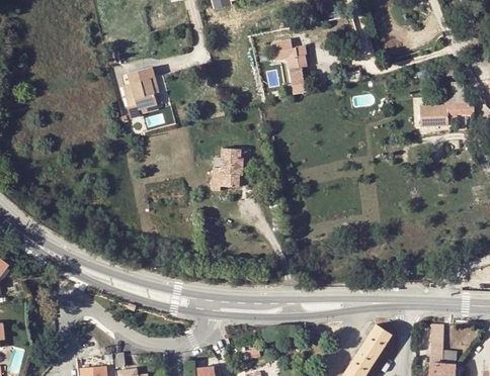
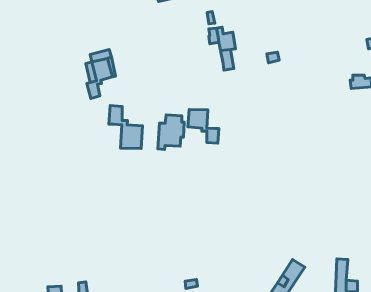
building: [421,105,448,126] -> none
building: none -> [109,106,143,148]
building: none -> [188,109,219,143]

